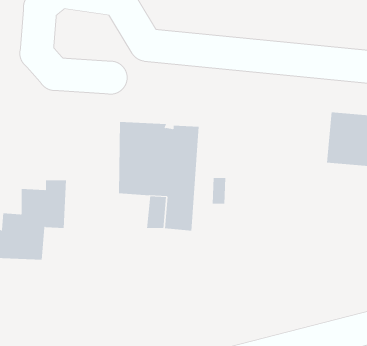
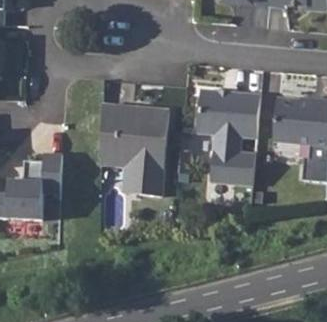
building: none -> [197,91,260,187]

